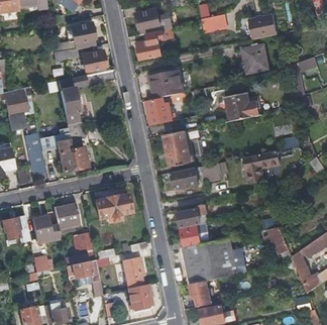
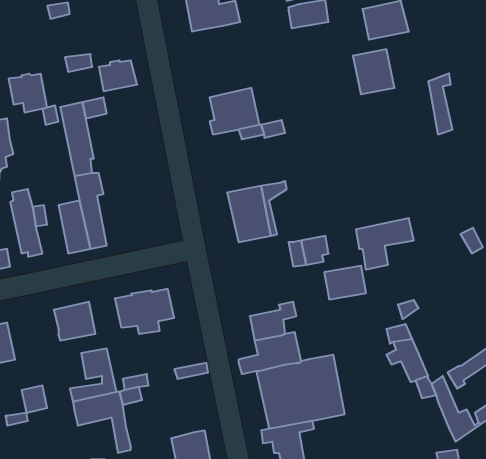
building: [72,24,96,48] -> [9,74,47,112]
building: [137,30,164,60] -> none
building: [227,93,262,122] -> none
building: [147,98,170,125] -> none
building: [172,169,198,190] -> [324,266,366,299]
building: [33,216,61,242] -> none
building: [122,258,143,290] -> none

